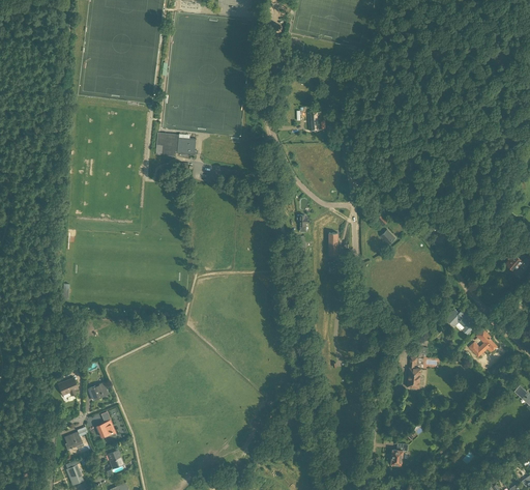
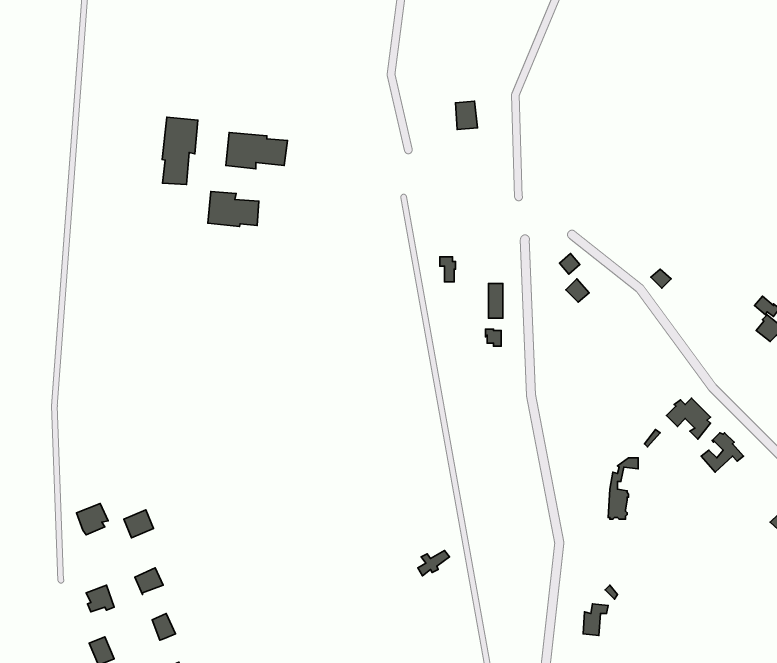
building: none -> [162,117,198,185]
building: none -> [208,191,259,227]

